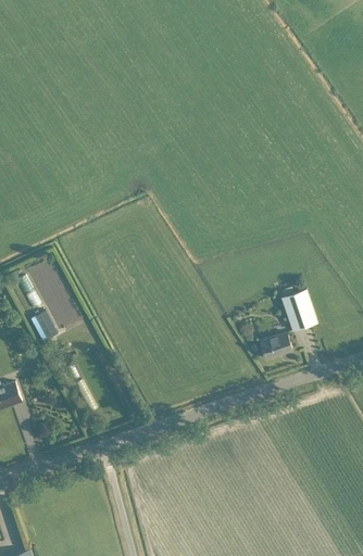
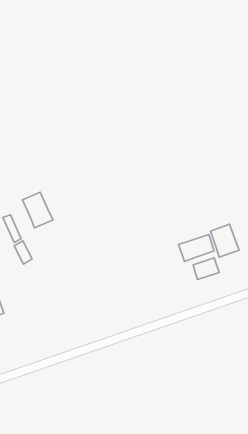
building: none -> [22,192,53,228]
building: none -> [179,234,214,262]

